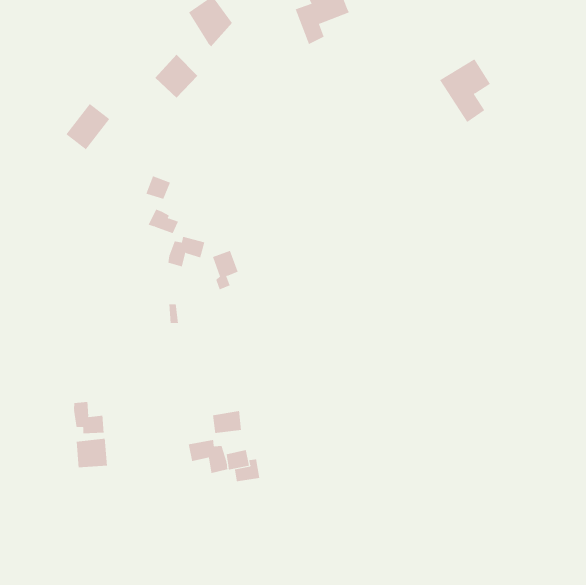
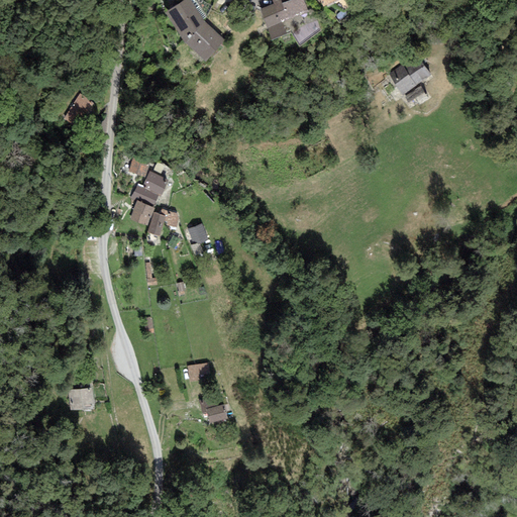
building: [155,54,198,99] -> [186,20,224,60]
building: none -> [142,171,168,196]
building: none -> [130,200,154,225]
building: [74,401,104,434] -> none
building: [188,439,228,474] -> none

